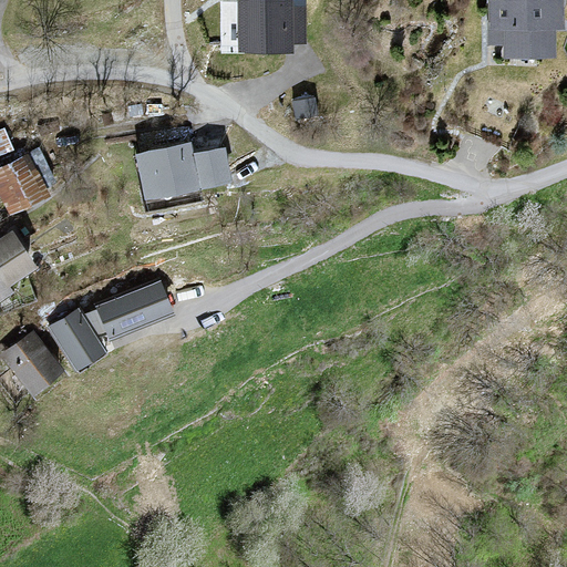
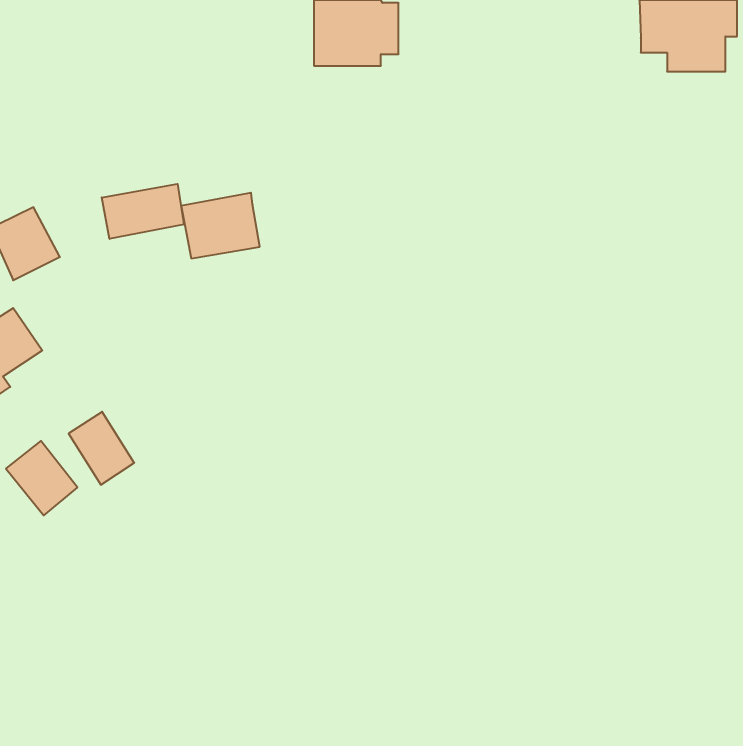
building: none -> [102,184,184,239]
building: [192,151,226,187] -> none
building: [99,280,171,337] -> none

